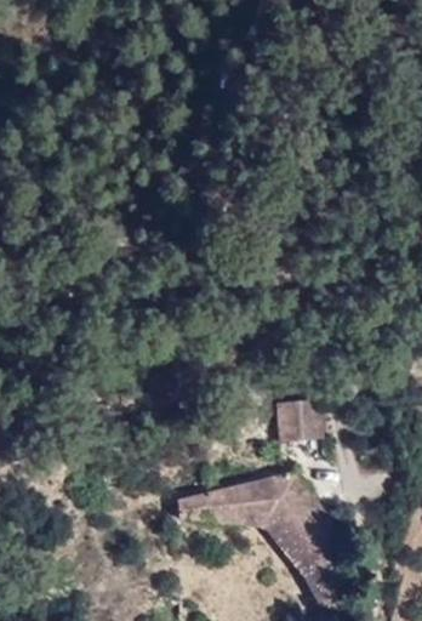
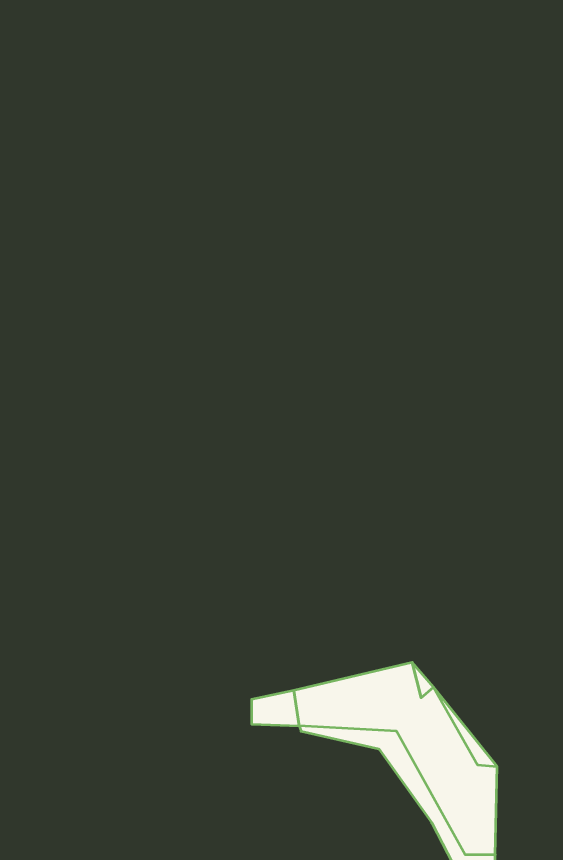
building: [275,397,320,439] -> none

